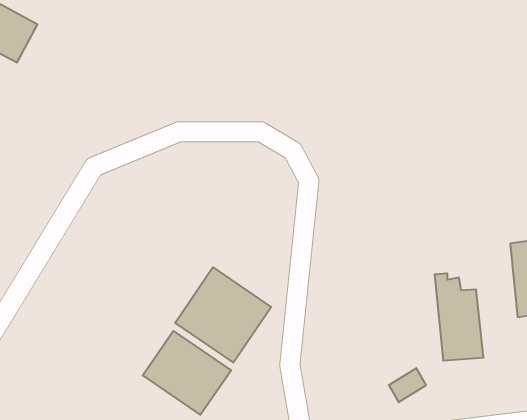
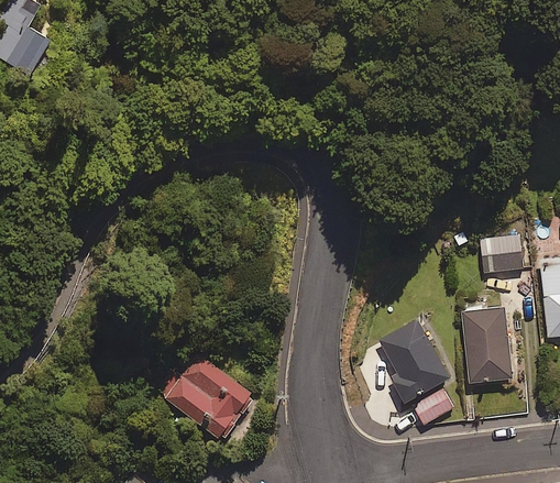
building: none -> [480,237,524,274]
building: [175,267,271,363] -> none
building: none -> [381,322,448,404]

